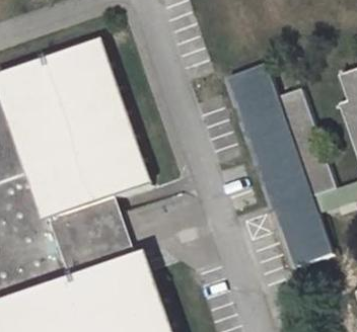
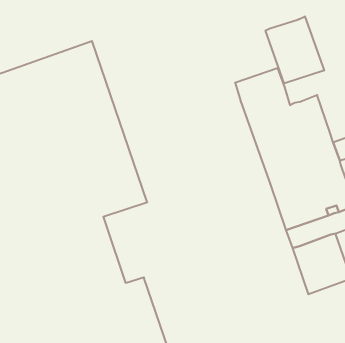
building: none -> [266,16,324,84]

